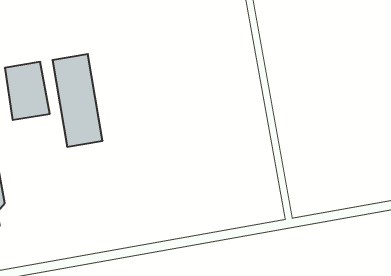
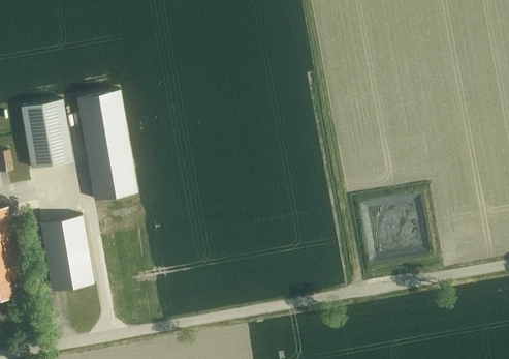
building: none -> [40,214,94,290]

